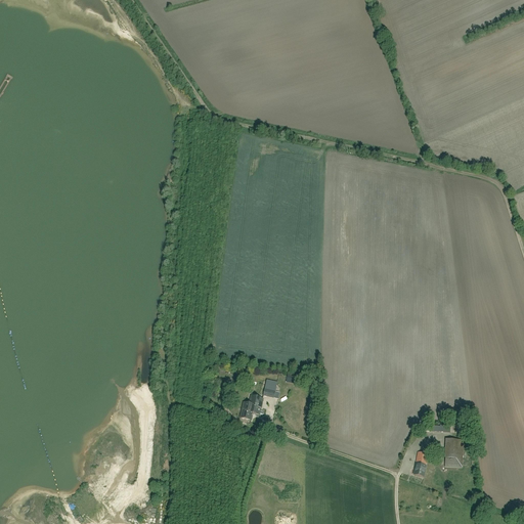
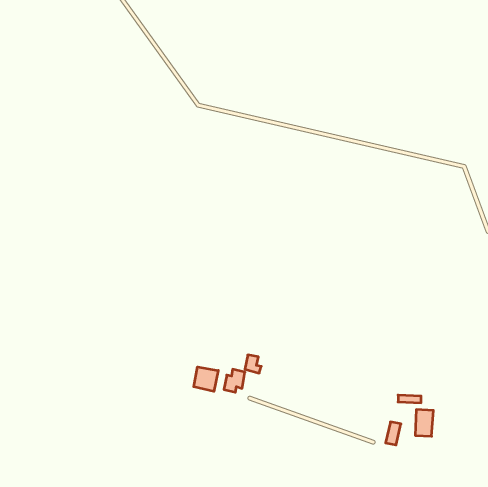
building: none -> [194,367,218,391]

